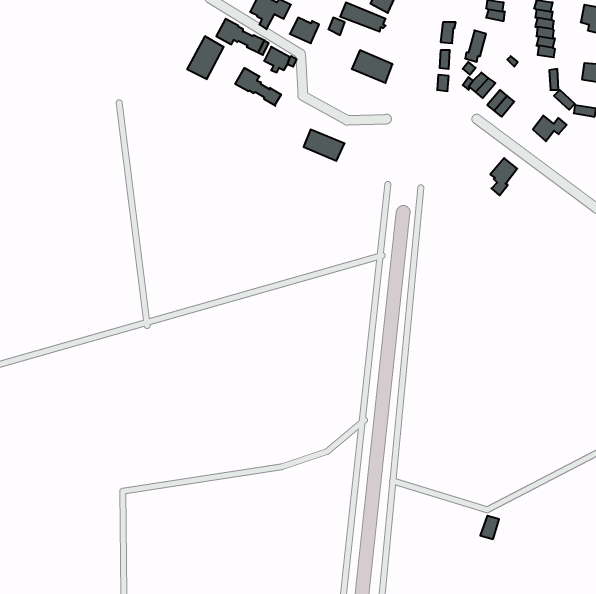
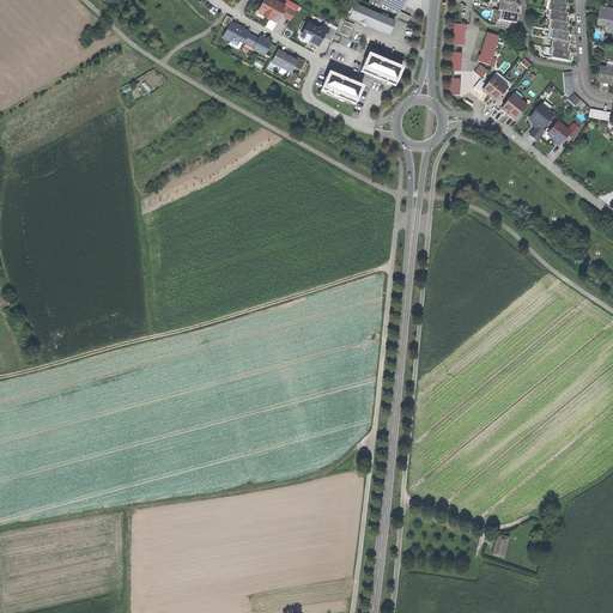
building: [187,36,224,79] -> none
building: [235,68,281,106] -> none
building: [304,129,345,161] -> [322,71,364,103]
building: [490,158,517,195] -> [528,102,556,140]

